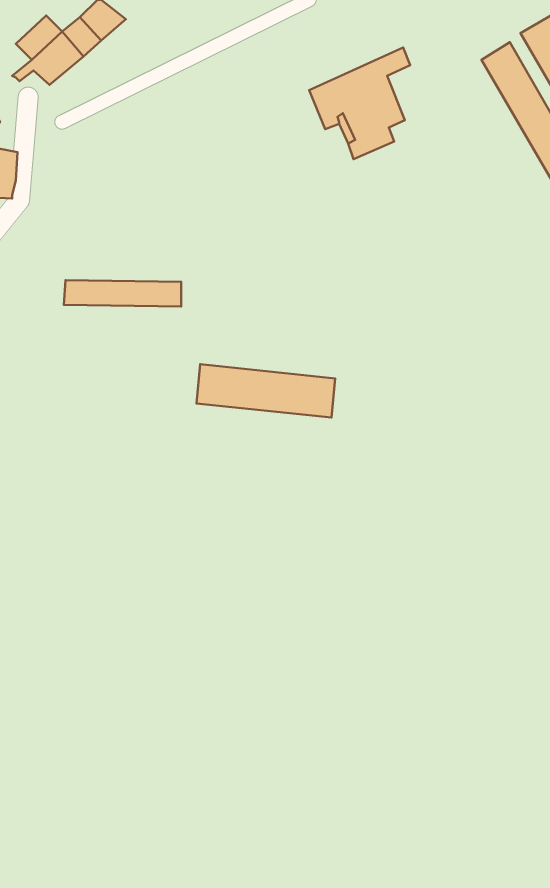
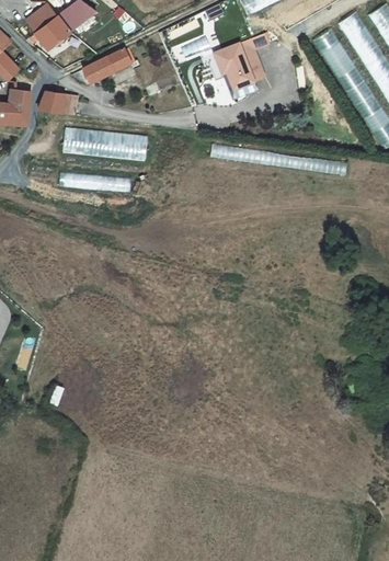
building: none -> [82,48,131,83]
building: none -> [36,91,72,114]
building: [197,364,335,418] -> [61,127,147,160]

